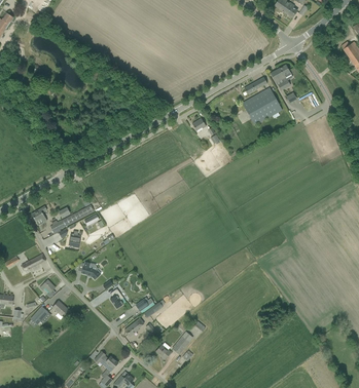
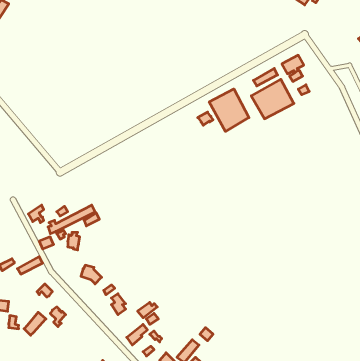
building: none -> [209,89,249,131]

